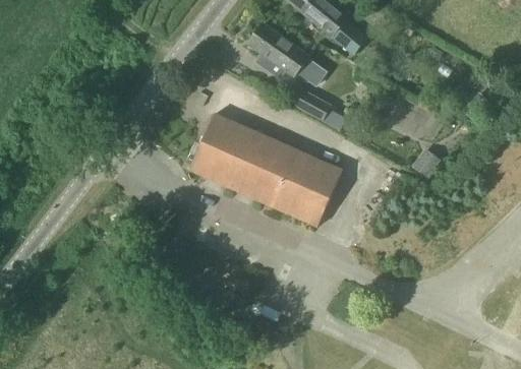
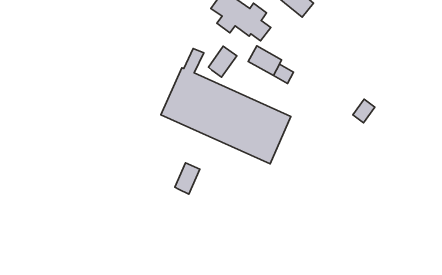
building: none -> [208,46,237,77]
building: none -> [175,163,200,194]

